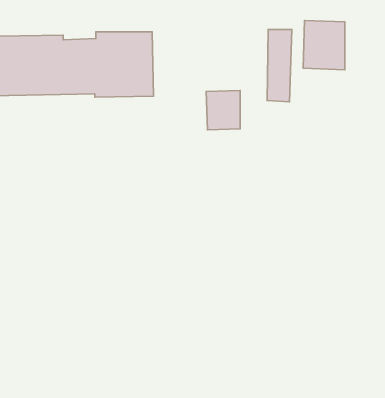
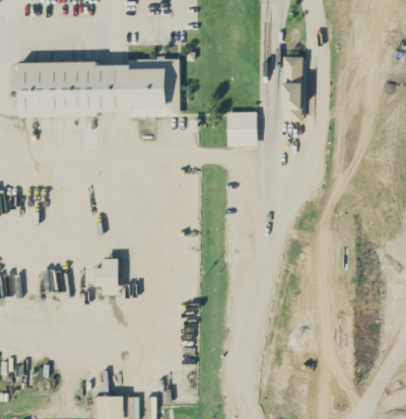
building: [303,20,345,70] -> none
building: none -> [93,258,119,294]

